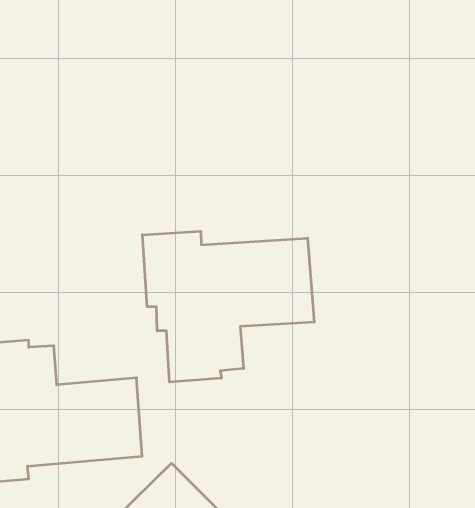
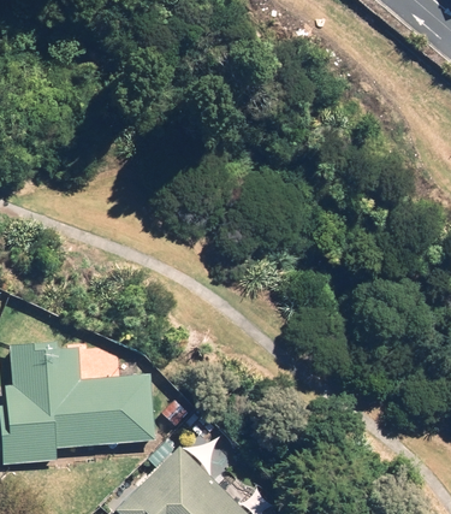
building: [142,231,314,382] -> none

